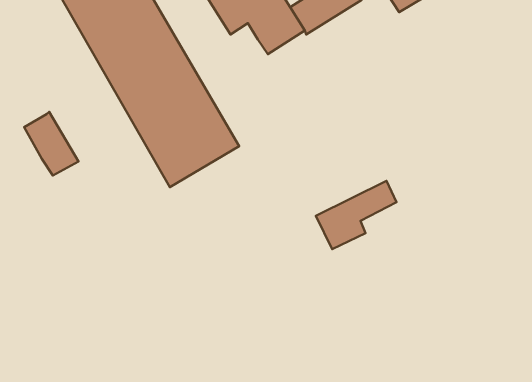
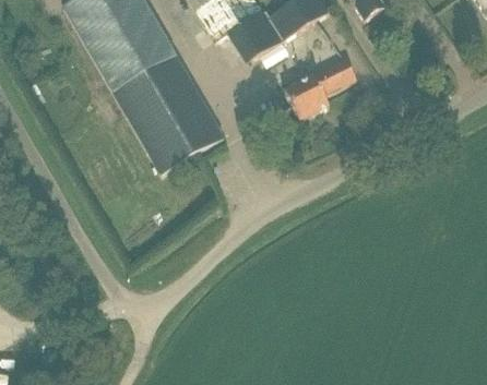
building: [24,112,78,176] -> none
building: [316,181,397,249] -> [284,59,355,119]

